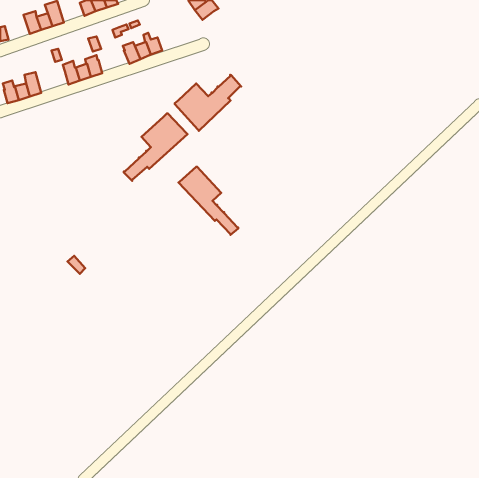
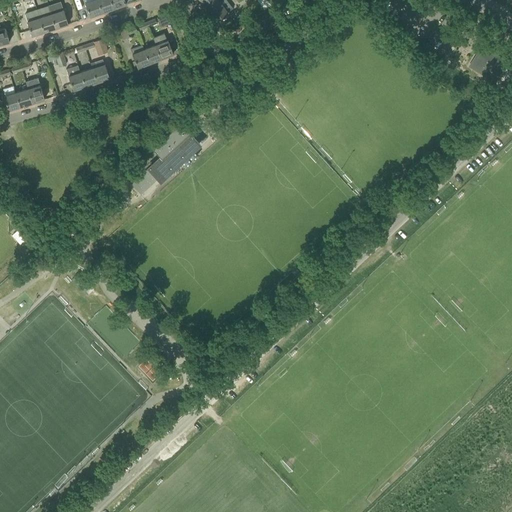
building: none -> [469,47,507,83]
building: [175,75,241,131] -> none
building: [179,167,238,235] -> none

